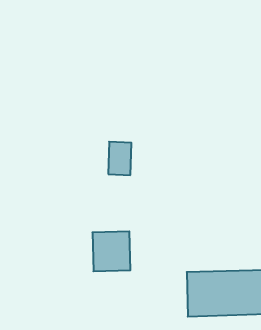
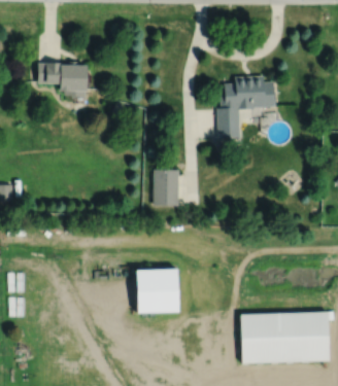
building: none -> [38,63,88,96]
building: none -> [217,75,276,138]

